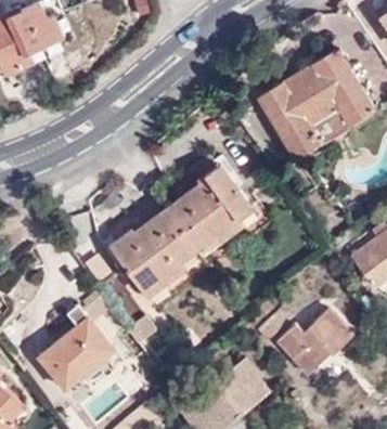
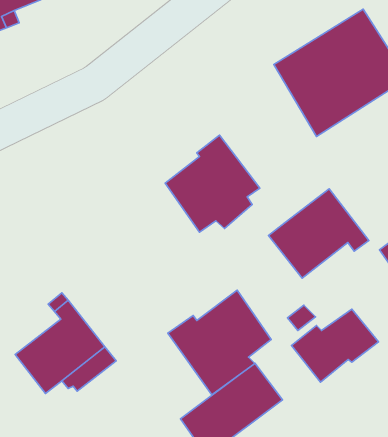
building: [107,203,196,292] -> [168,290,271,395]
building: none -> [269,189,369,278]

